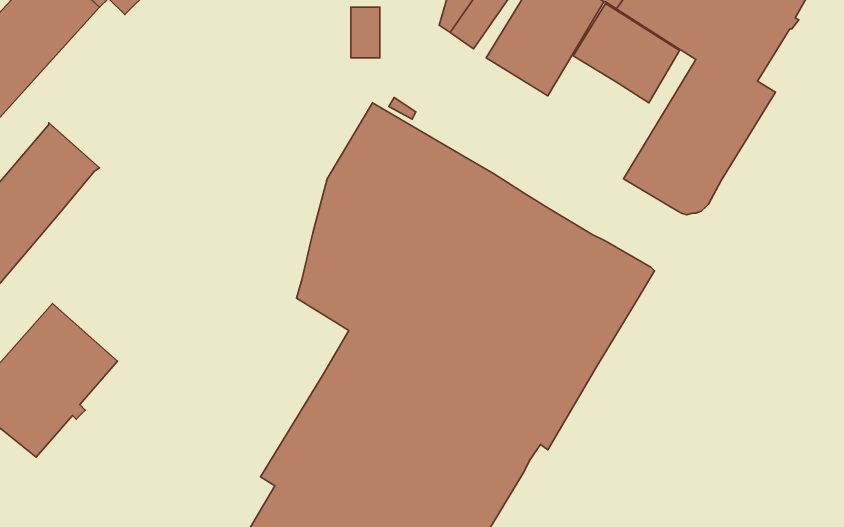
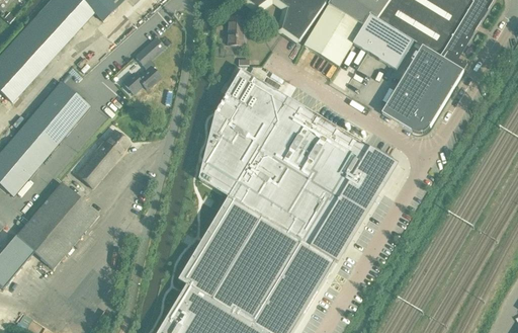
building: none -> [123,36,166,93]
building: none -> [77,129,132,188]

